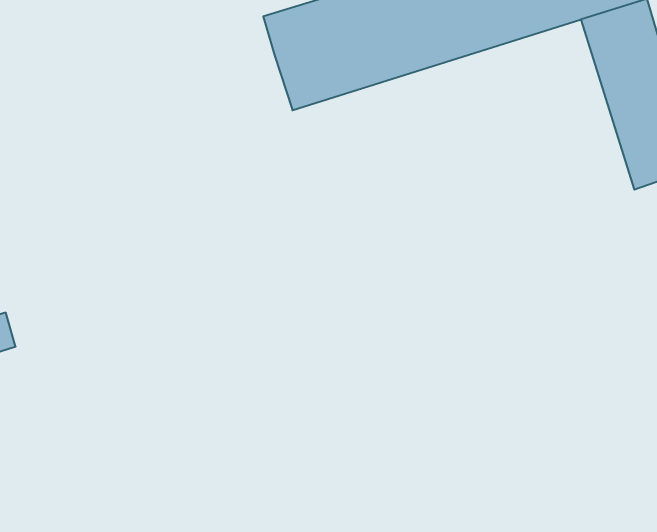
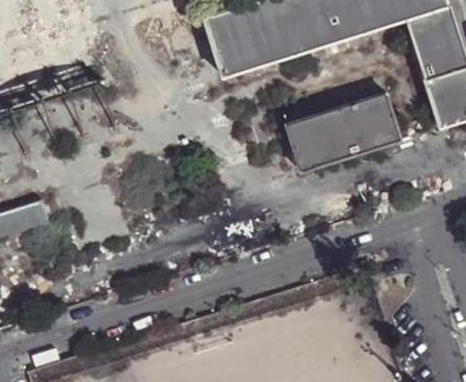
building: none -> [286,93,400,171]

